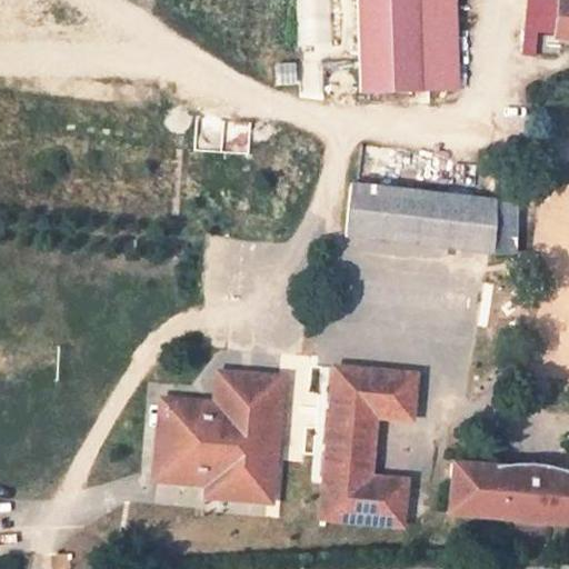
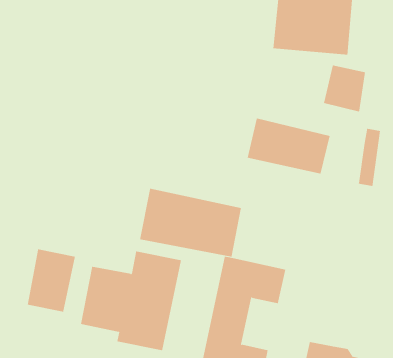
building: [446,194,496,251] -> [323,65,366,112]
building: none -> [139,188,241,257]
building: none -> [27,249,76,312]

